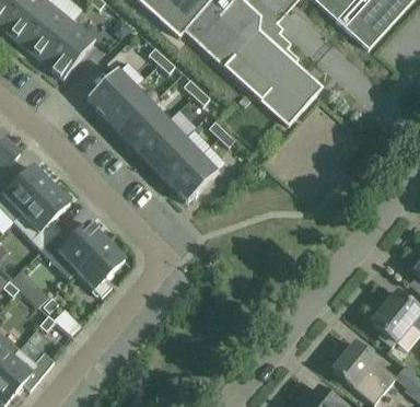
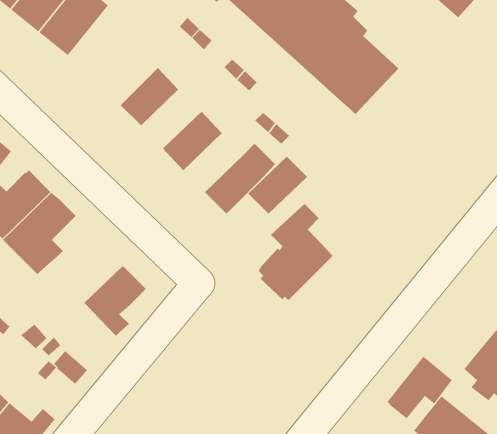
building: [86,69,133,116] -> none
building: [120,104,167,150] -> none
building: [153,138,200,184] -> [247,156,308,215]
building: none -> [258,203,333,301]
building: [39,222,106,278] -> none
building: none -> [387,356,452,419]

